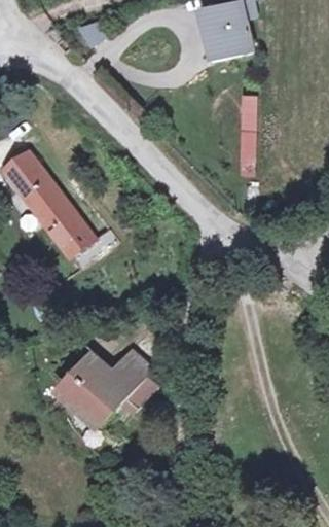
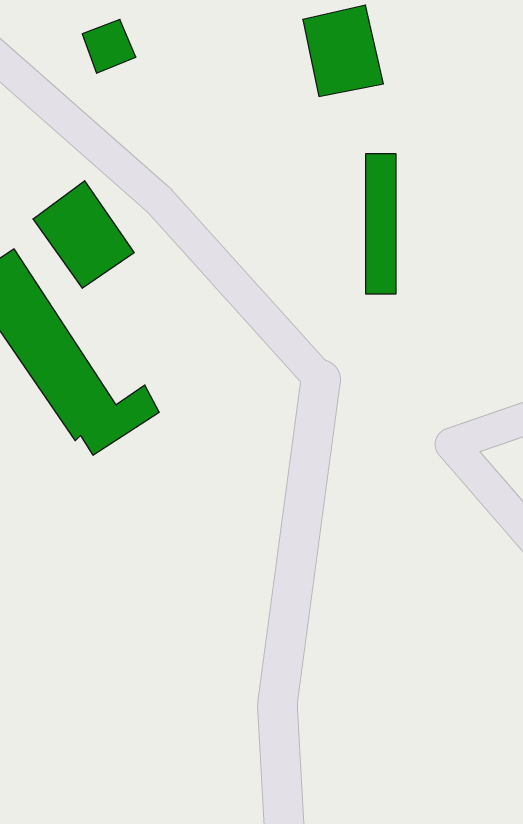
building: none -> [33,181,134,288]
building: [64,349,155,428] -> none

